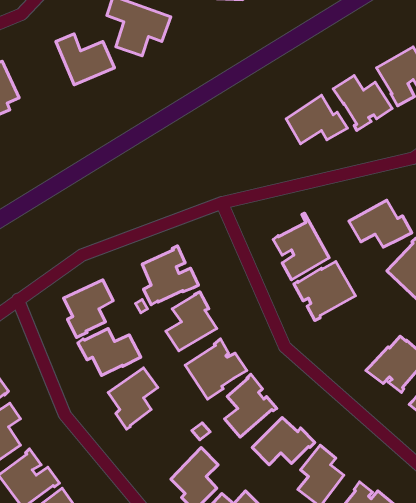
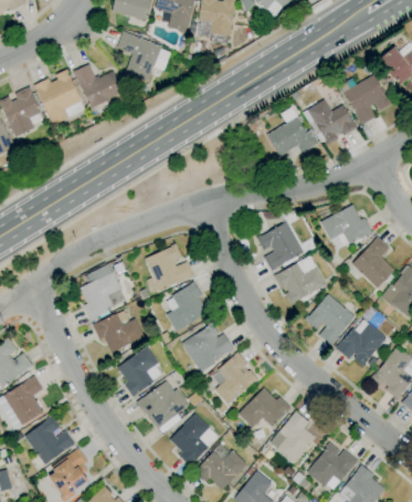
building: none -> [35,70,83,124]
building: none -> [304,294,356,346]
building: none -> [135,380,189,435]

